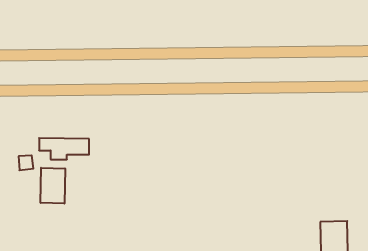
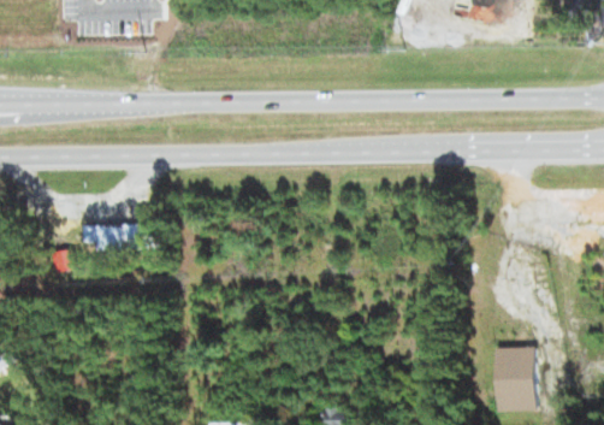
building: [41,168,65,204] -> none

